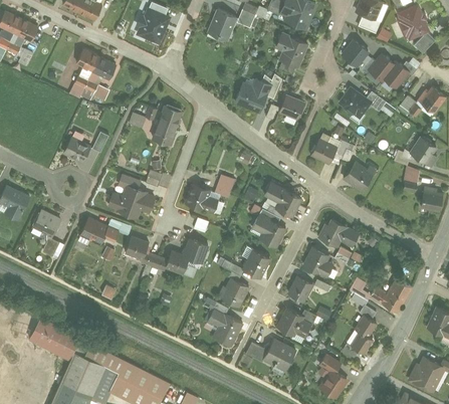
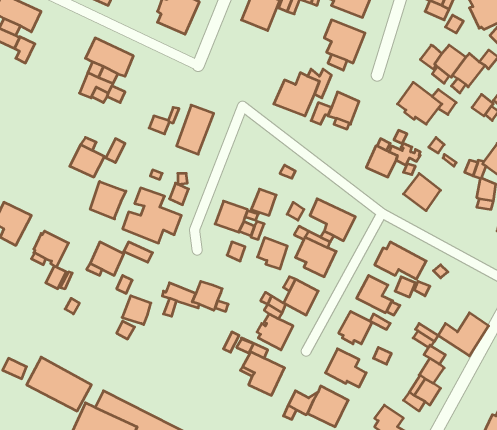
building: [340,38,369,66] -> none
building: none -> [90,181,126,219]
building: [125,236,149,260] -> [122,296,151,325]
building: [182,238,207,264] -> [257,238,287,269]

